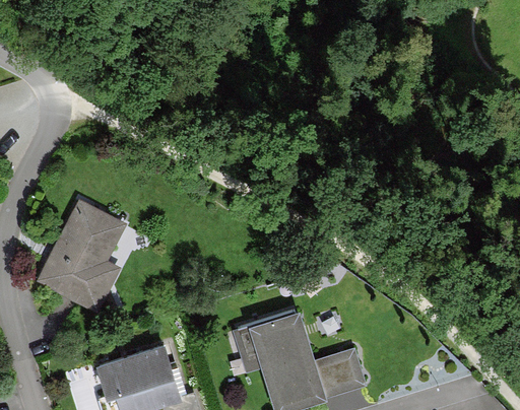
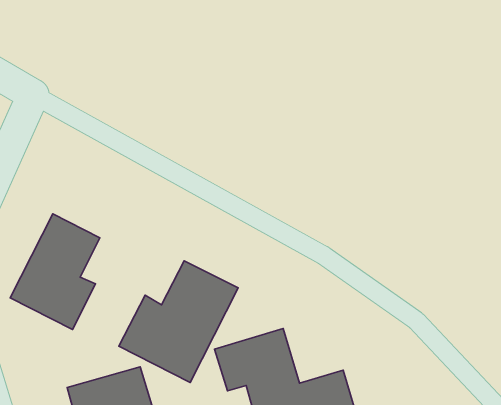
building: none -> [119,261,238,382]

